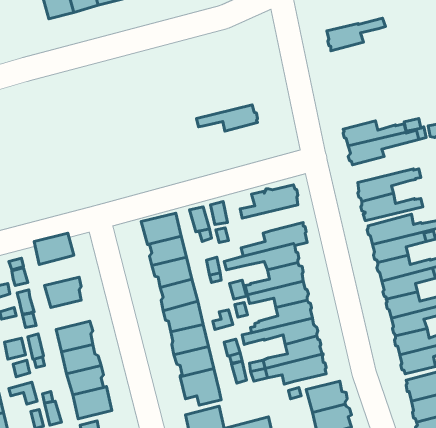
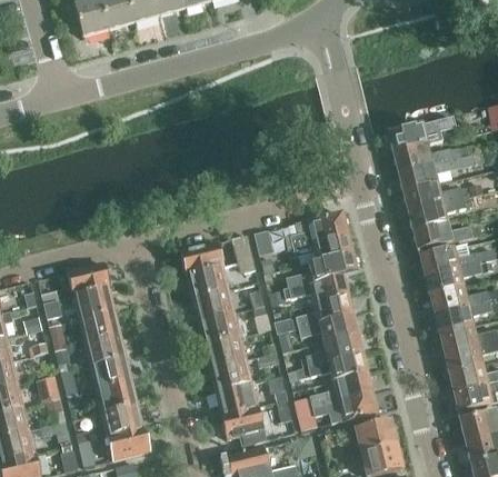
building: [327,18,386,51] -> [389,118,451,152]
building: [197,105,257,131] -> [287,232,351,260]
building: none -> [404,181,468,209]
building: none -> [72,287,114,318]
building: none -> [84,334,126,365]

